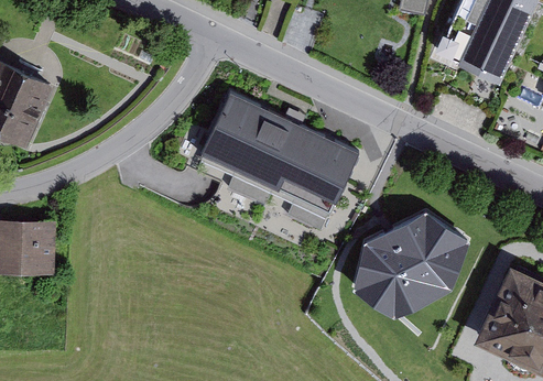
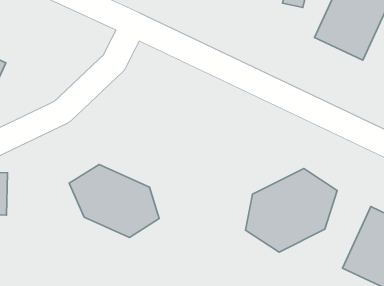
building: [198,91,357,214] -> none
building: none -> [69,164,159,237]

